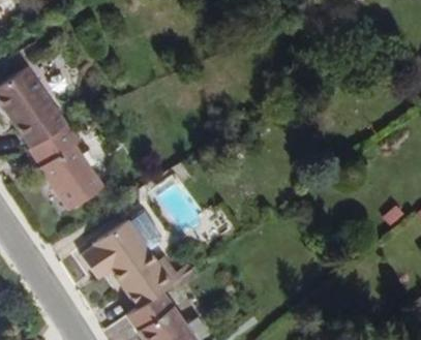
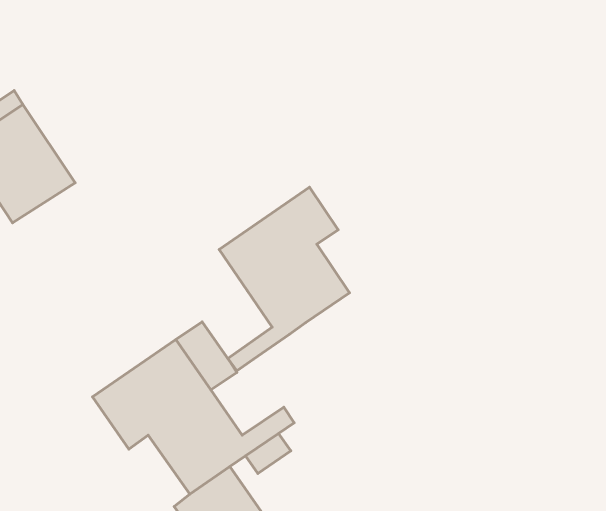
building: [30,123,101,211] -> none
building: none -> [219,187,349,371]

